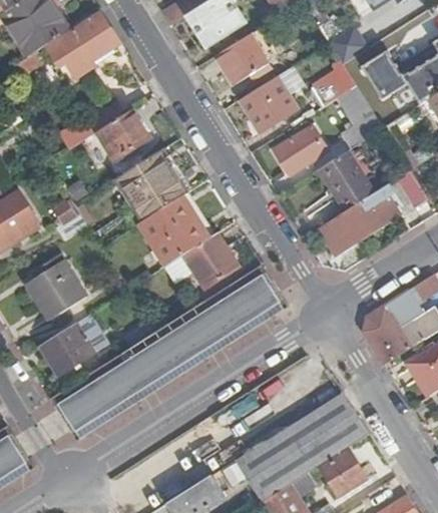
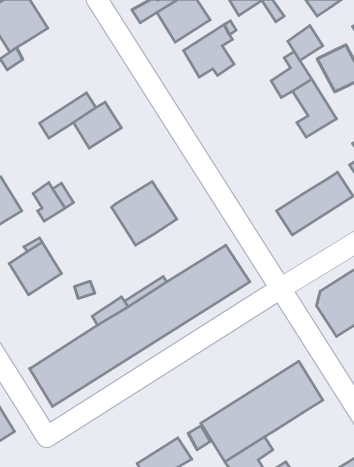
building: [45,12,120,77] -> none
building: [241,78,296,132] -> none
building: [273,125,328,176] -> none
building: [318,151,375,211] -> none
building: [116,152,186,221] -> none
building: [183,234,238,290] -> none
building: [39,324,93,377] -> none
building: [318,449,366,498] -> none

